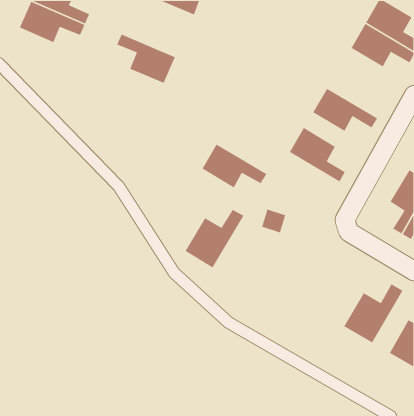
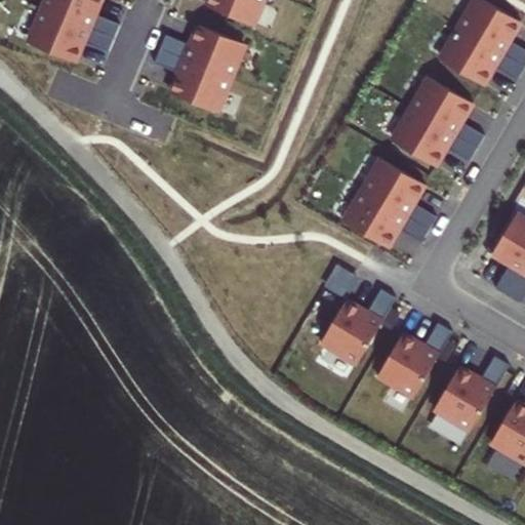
building: none -> [153,19,236,72]
building: none -> [412,79,484,149]
building: [202,144,267,188] -> [346,192,429,248]
building: [184,209,245,268] -> [320,290,396,365]
building: none -> [376,323,452,399]

